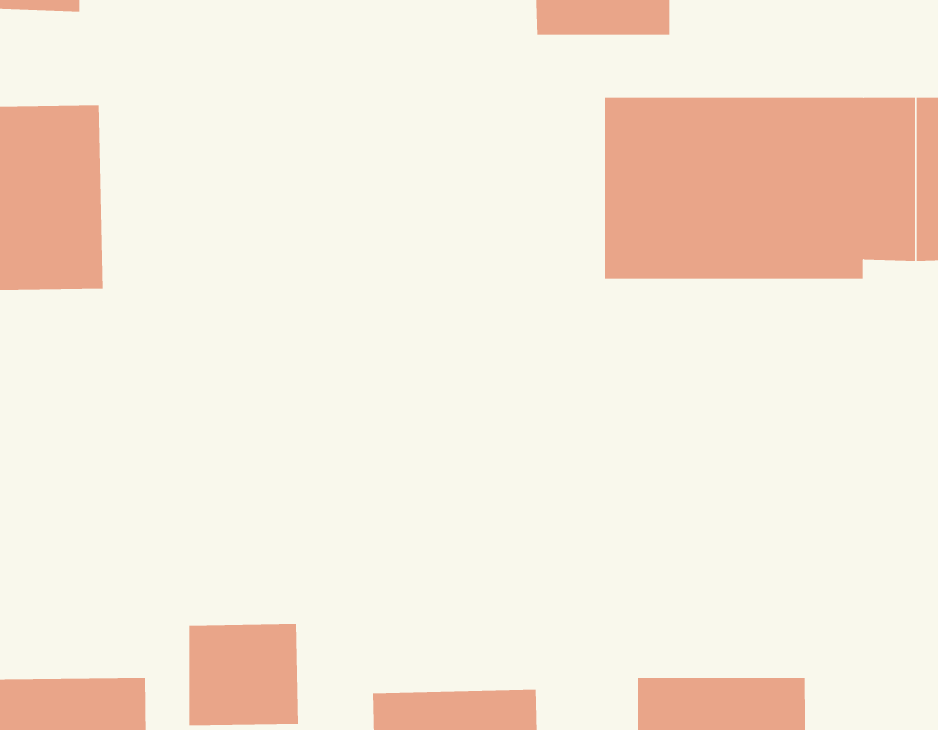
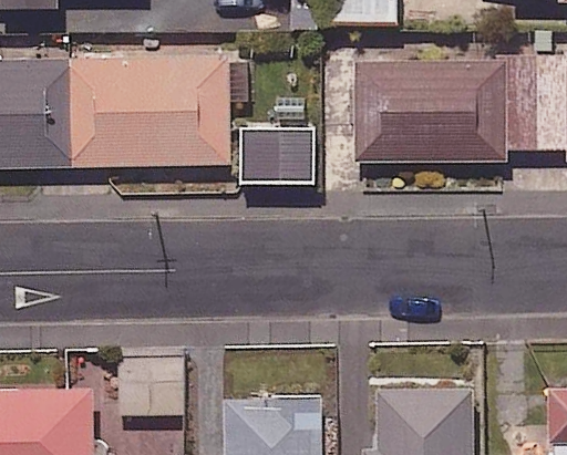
building: none -> [69,55,229,167]
building: none -> [241,130,313,185]

